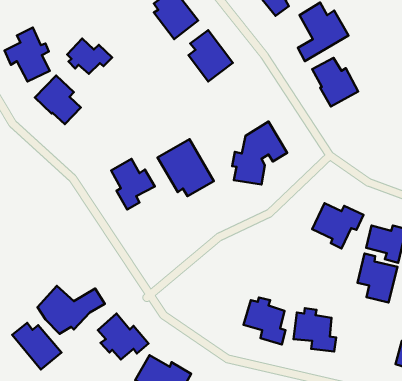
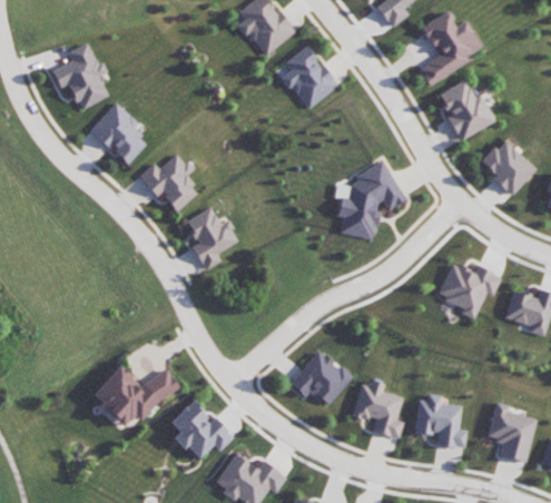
building: [67,39,112,74] -> none
building: none -> [480,139,534,196]
building: none -> [137,154,197,211]
building: [157,139,214,196] -> none
building: [358,254,398,302] -> [485,402,535,463]
building: none -> [286,349,351,406]
building: [12,323,61,370] -> none

